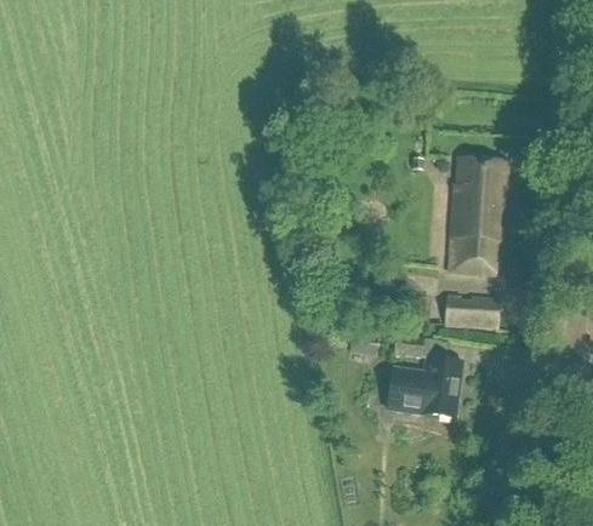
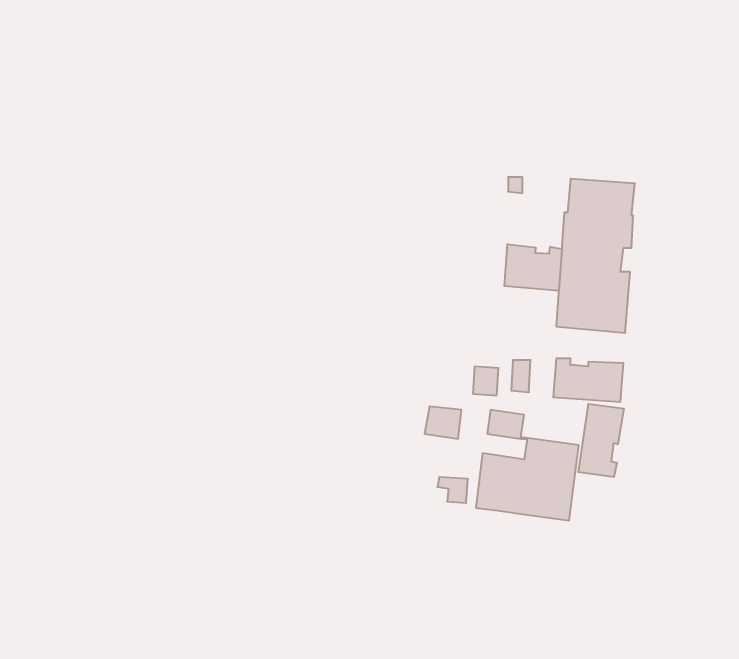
building: none -> [504,244,562,291]
building: none -> [578,404,624,477]

